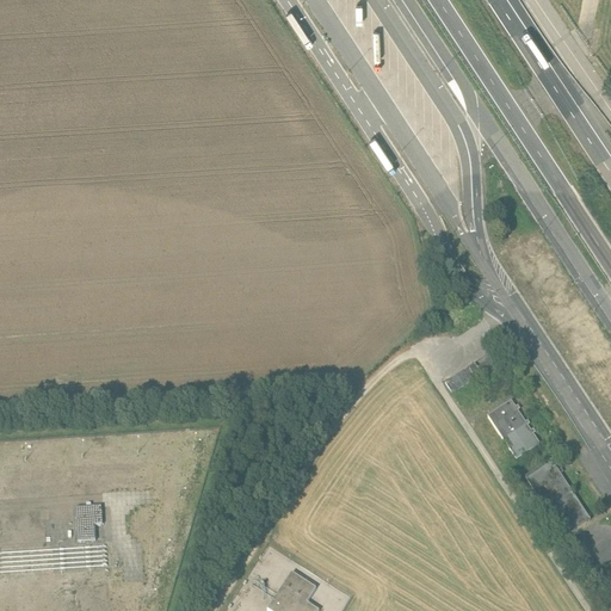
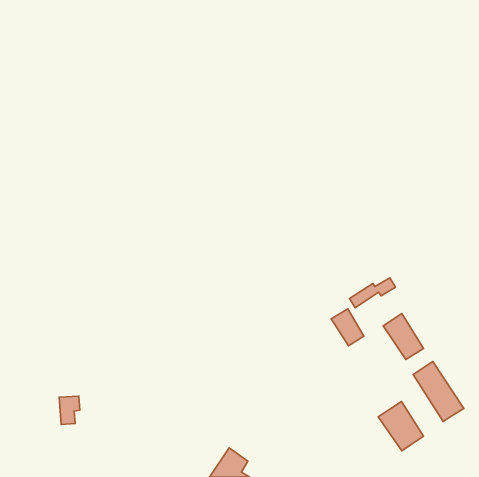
building: none -> [331,309,364,346]
building: none -> [378,402,423,451]

